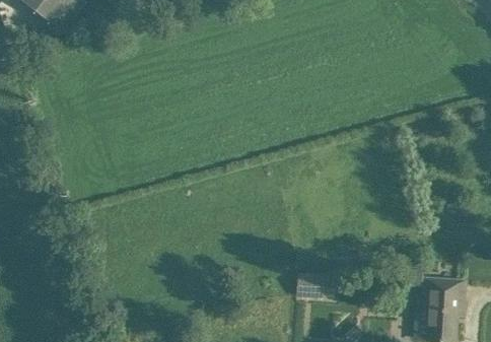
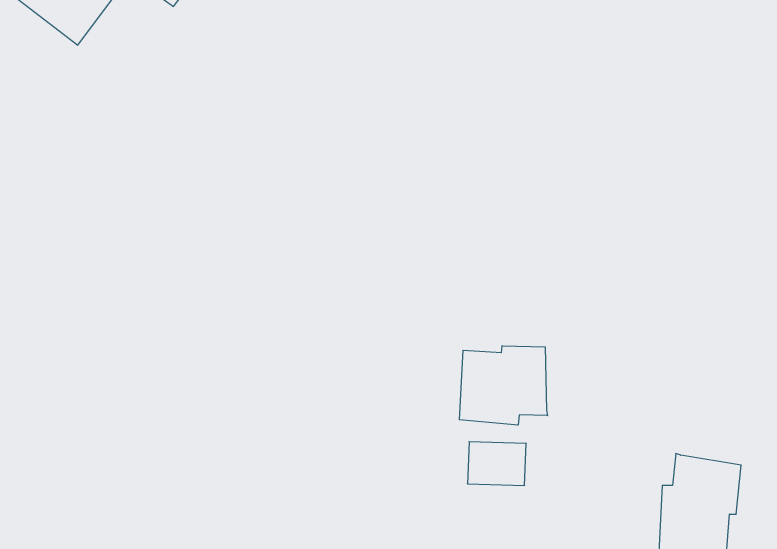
building: none -> [459,346,547,425]

